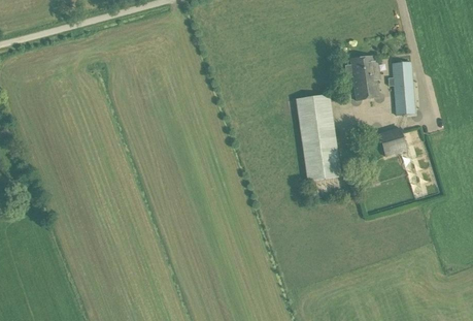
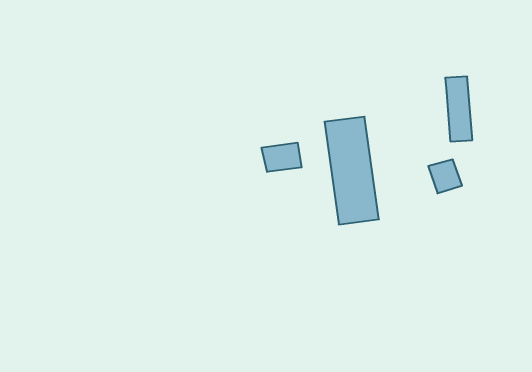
building: [350,56,379,99] -> none
building: none -> [262,143,302,172]

